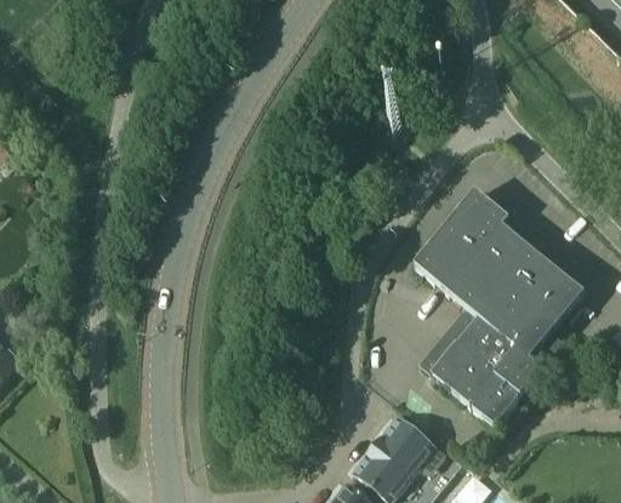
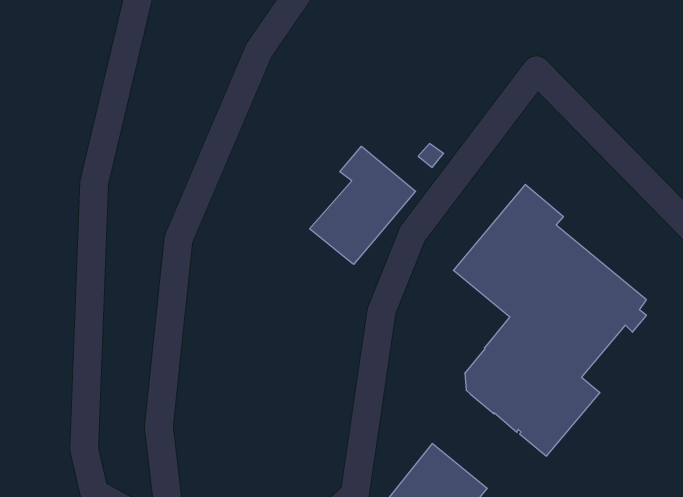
building: none -> [310,146,416,264]

